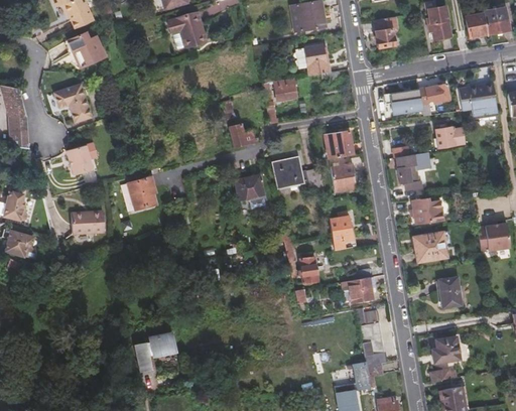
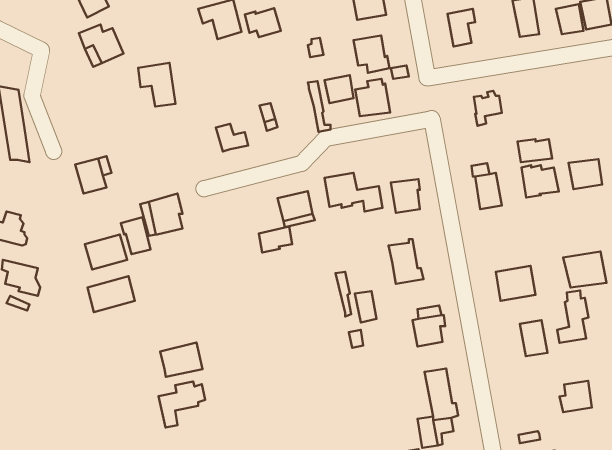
building: none -> [245,8,281,37]
building: [51,81,83,117] -> [138,63,176,106]
building: [471,87,499,112] -> [569,159,602,189]
building: [423,88,453,107] -> none
building: [228,122,255,145] -> [216,124,248,152]
building: [324,126,353,157] -> [355,79,390,116]
building: none -> [121,217,150,254]
building: [415,200,446,228] -> [521,165,559,198]
building: none -> [259,226,292,253]
building: none -> [87,276,135,312]
building: none -> [557,290,589,343]
building: none -> [160,342,203,377]
building: [436,338,464,365] -> [559,381,592,412]

